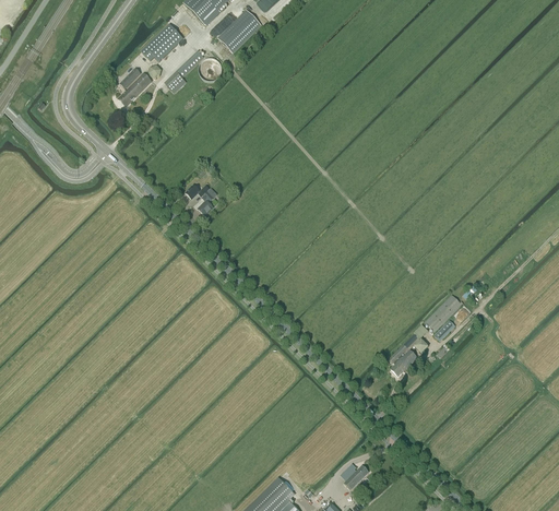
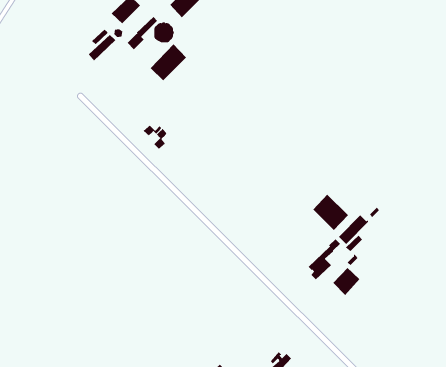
building: none -> [150,43,187,81]
building: none -> [313,194,349,231]
building: none -> [332,267,360,296]

